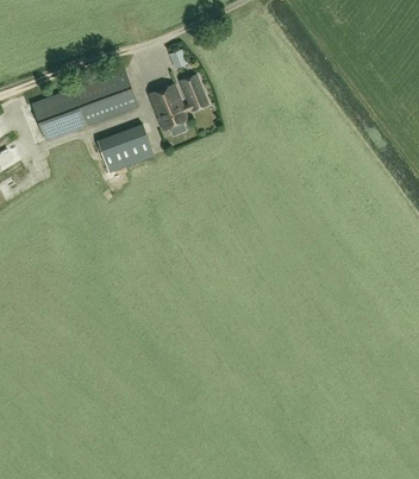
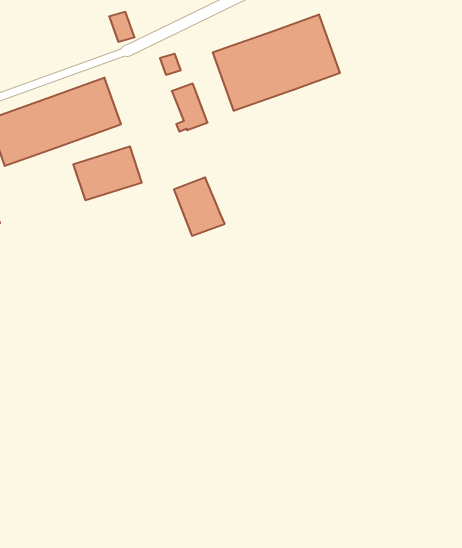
building: none -> [213,14,340,111]
building: [146,84,187,131] -> [174,177,225,236]

